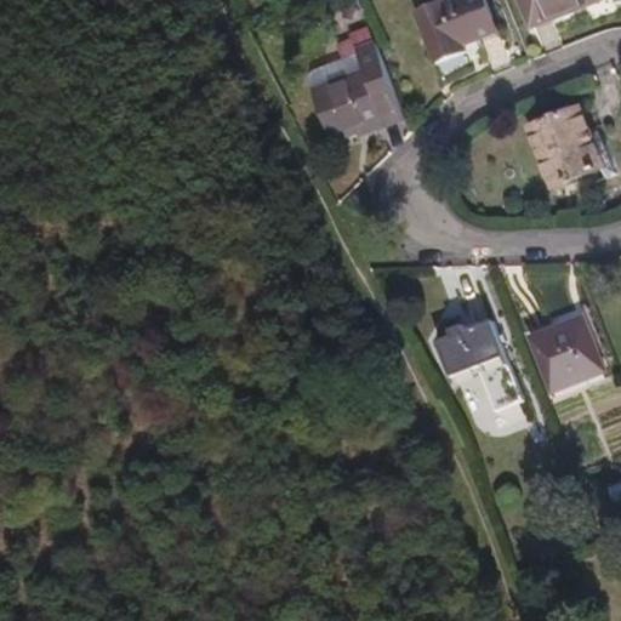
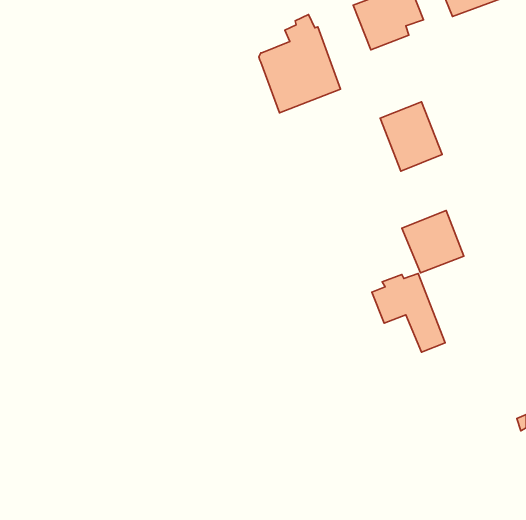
building: [522,109,594,190] -> [380,102,442,171]
building: [529,320,602,393] -> [402,211,464,273]

